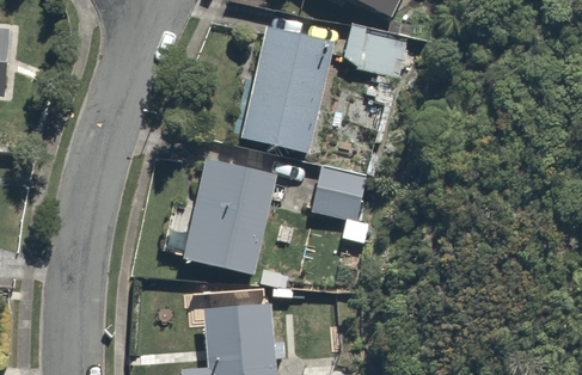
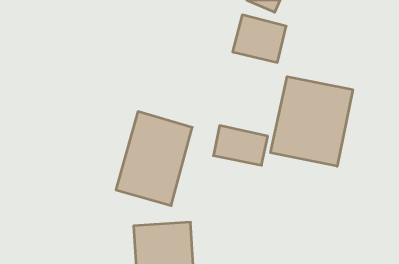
building: [239,21,335,156] -> none
building: none -> [271,77,353,166]

